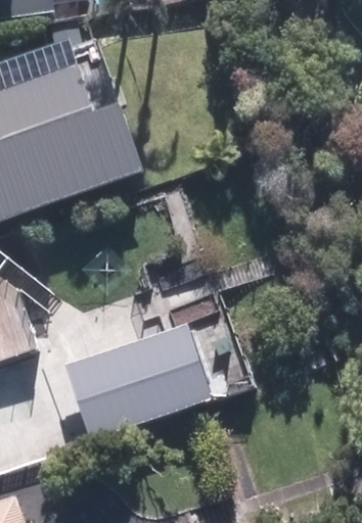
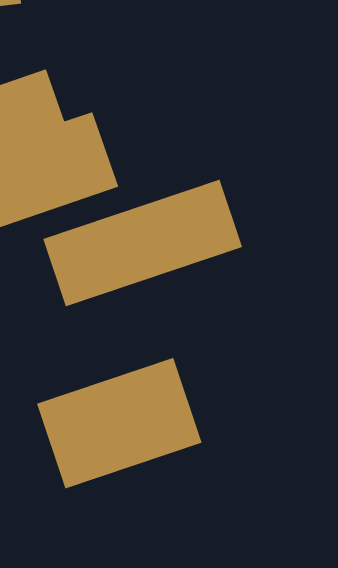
building: none -> [42,179,243,307]

